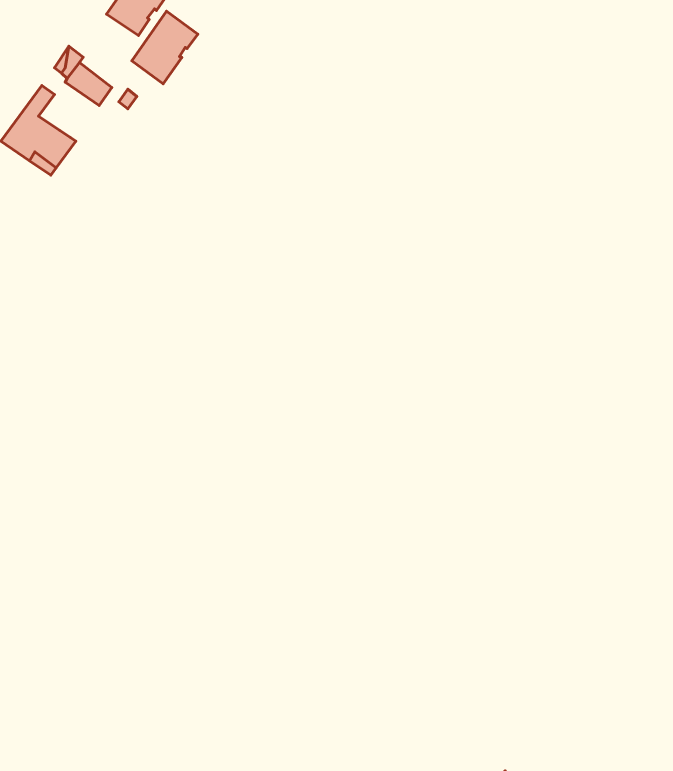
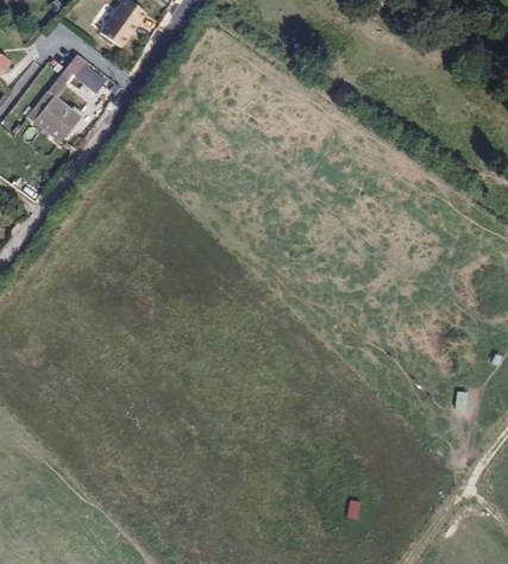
building: [132,11,198,84] -> none

